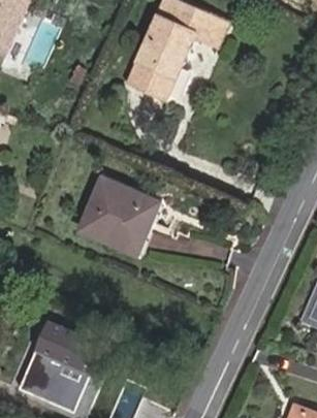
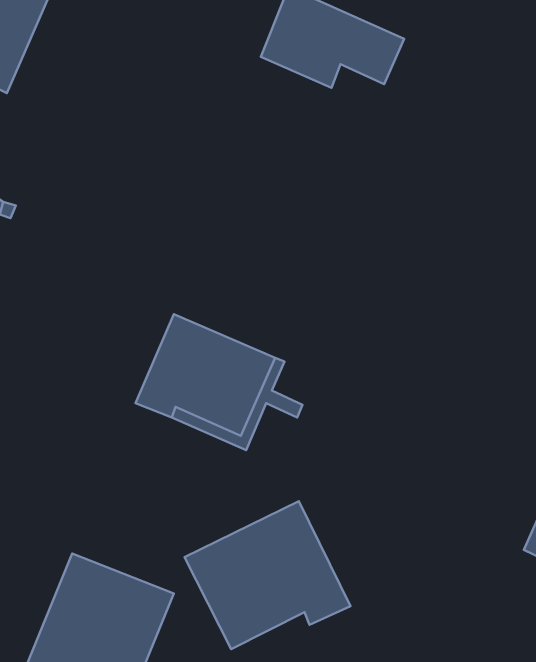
building: [128,35,192,103] -> none
building: none -> [185,501,350,649]

